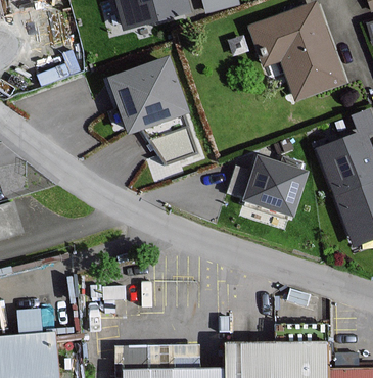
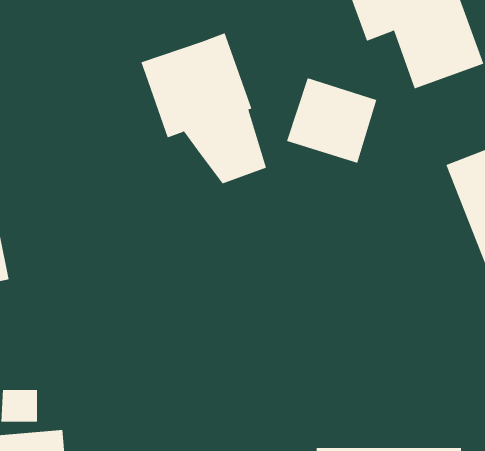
building: [240,156,302,216] -> [286,77,377,164]

